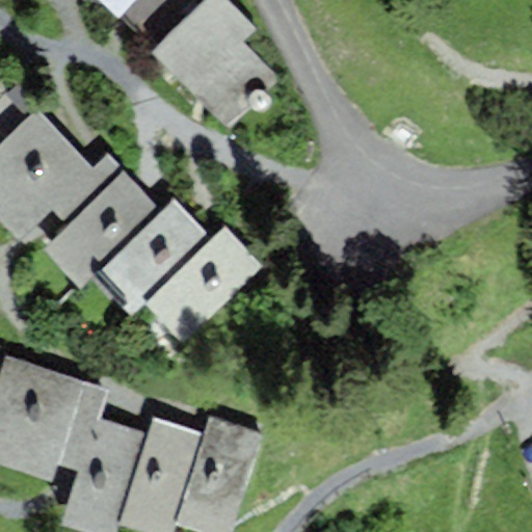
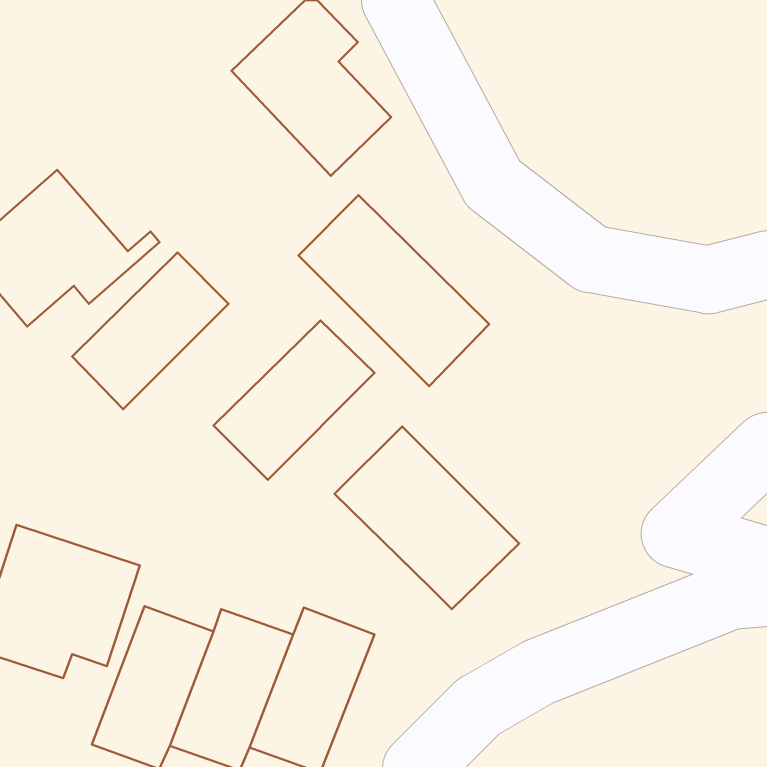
building: none -> [299,195,489,386]
building: [99,200,208,308] -> none
building: none -> [335,426,519,609]

